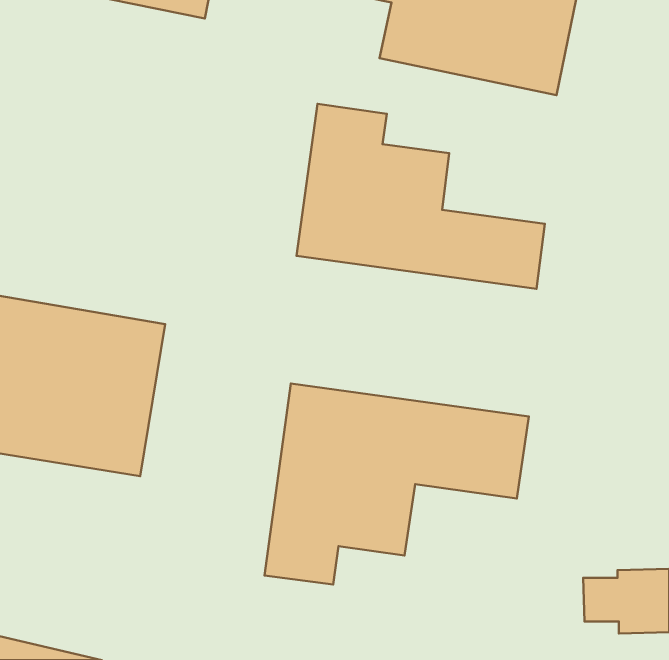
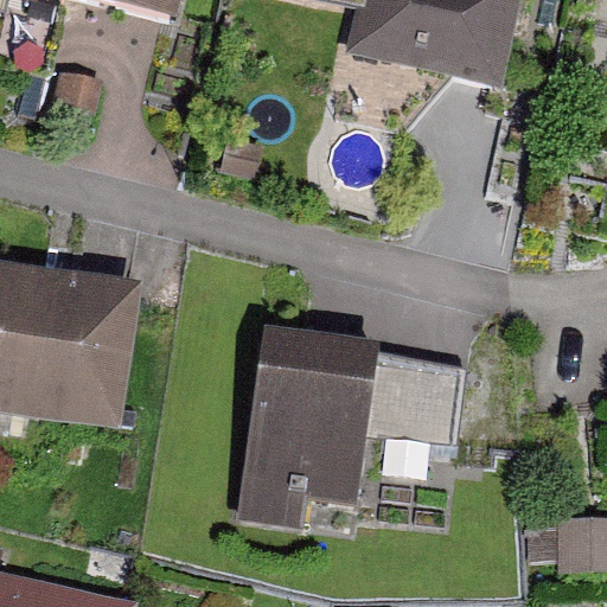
building: [297,104,545,289] -> none

